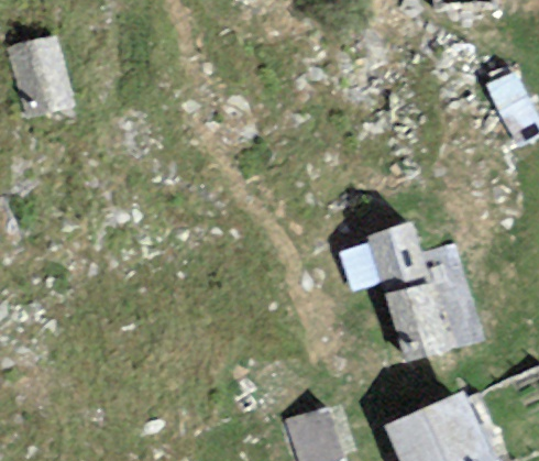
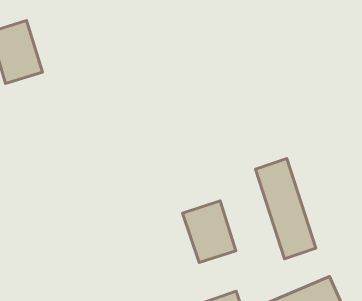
building: none -> [183,201,236,262]

